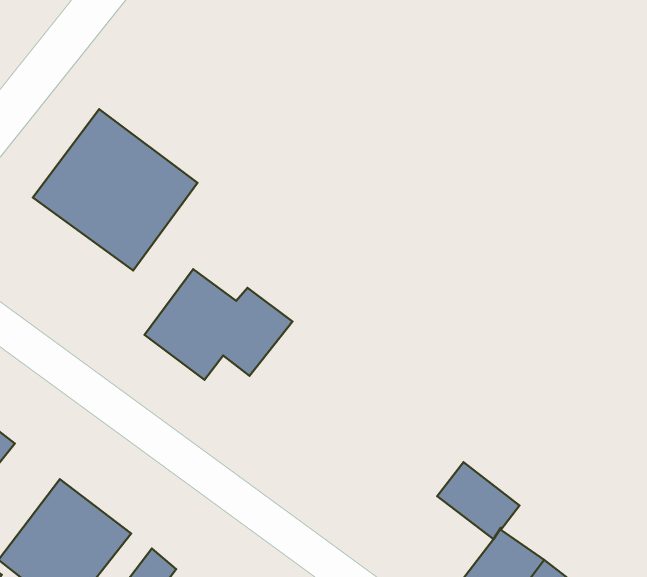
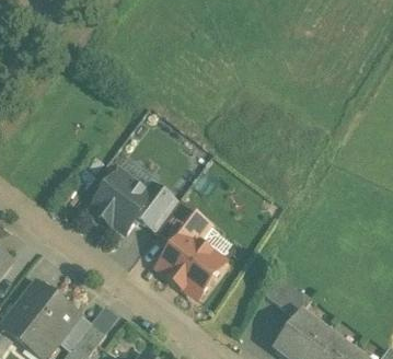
building: [33,109,198,271] -> none
building: none -> [153,207,228,304]

